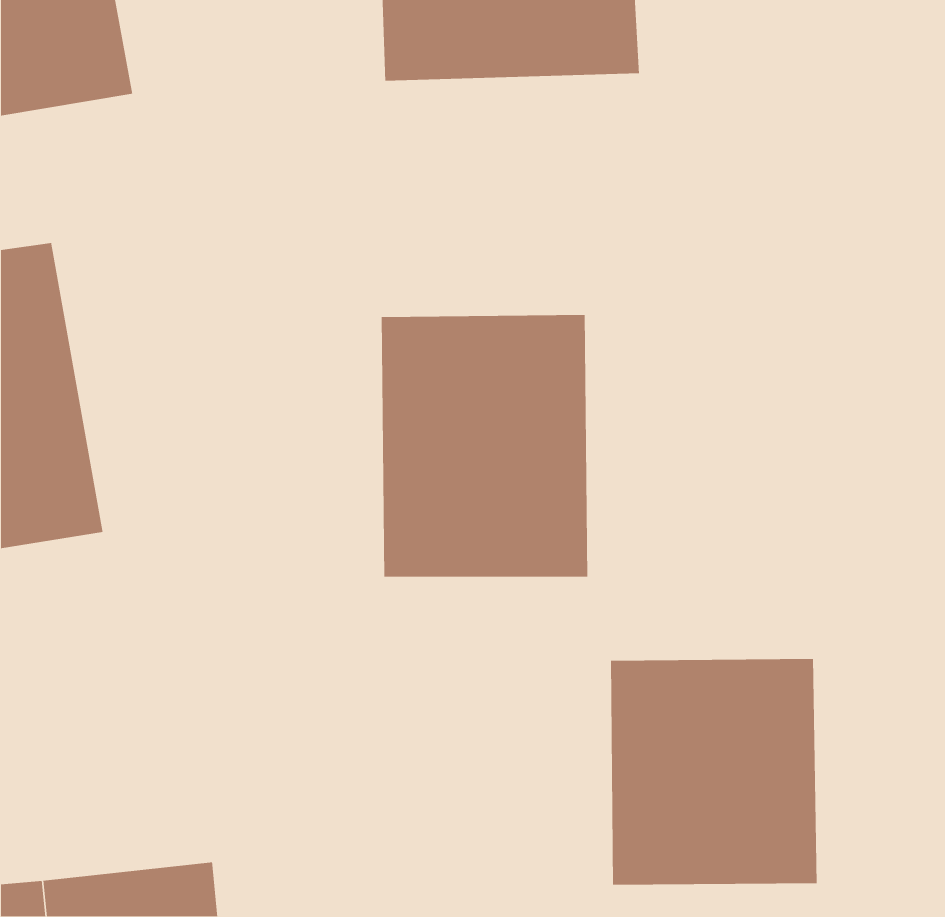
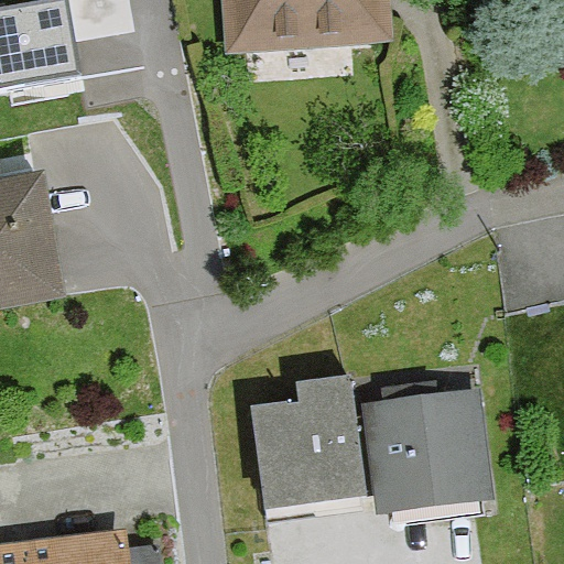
building: [381,314,588,577] -> none
building: none -> [253,393,365,530]

